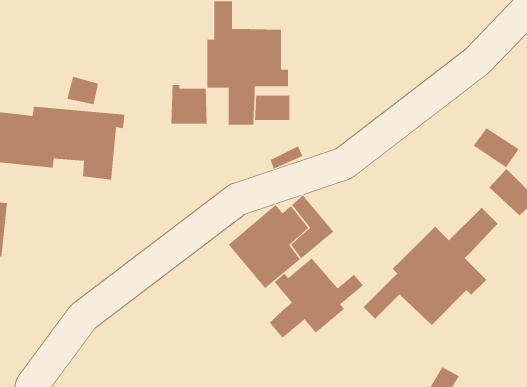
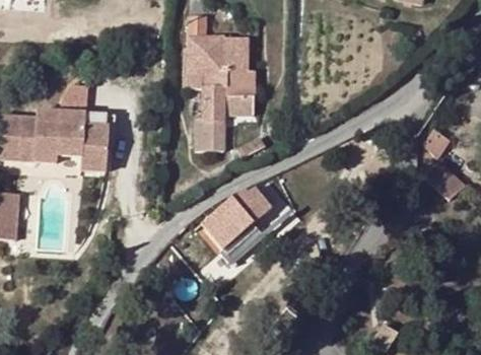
building: [171,85,208,124] -> [195,119,226,152]
building: [363,207,498,326] -> none
building: [269,258,364,339] -> none

